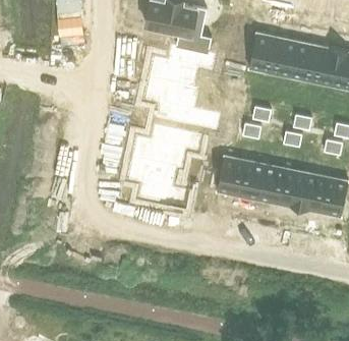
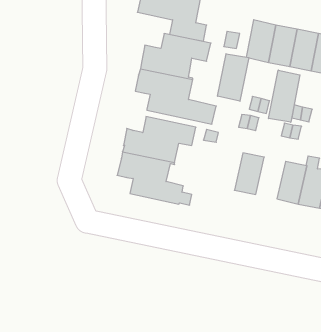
building: none -> [218,54,249,101]
building: none -> [269,70,300,122]
building: [216,156,245,195] -> none
building: [257,164,286,204] -> none

